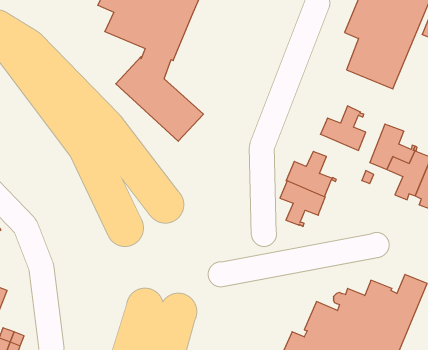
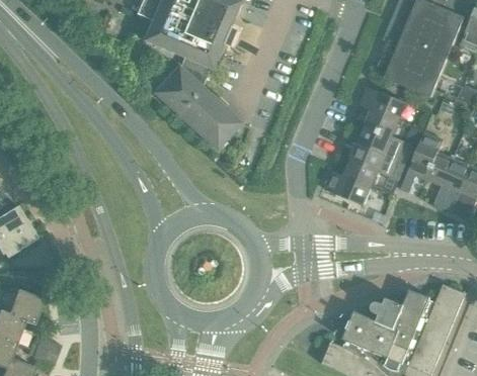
building: none -> [360,85,406,130]
building: [280,181,325,226] -> [351,142,397,187]

